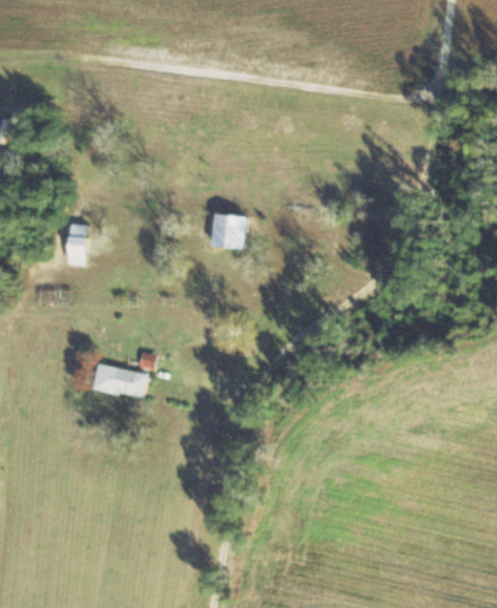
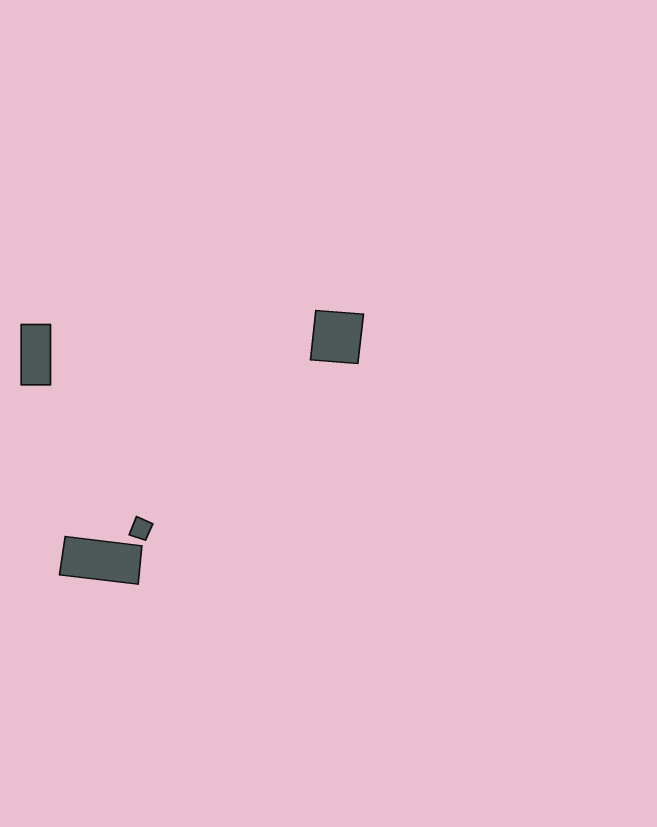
building: [209,214,244,249] -> [310,310,363,363]

